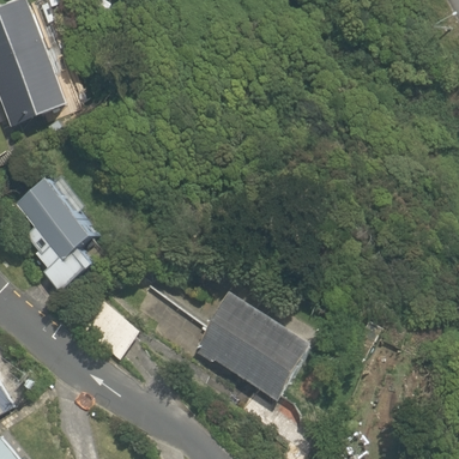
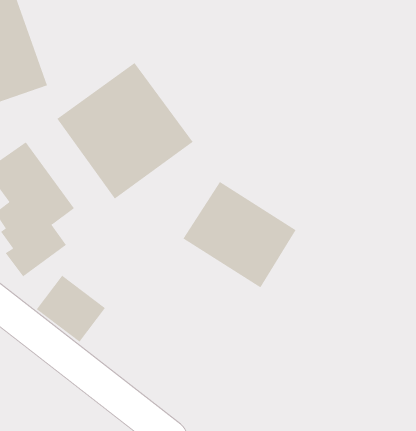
building: none -> [56,62,194,200]
building: [194,291,309,399] -> [183,181,297,288]

